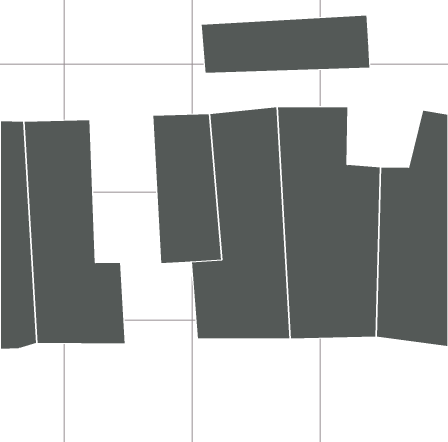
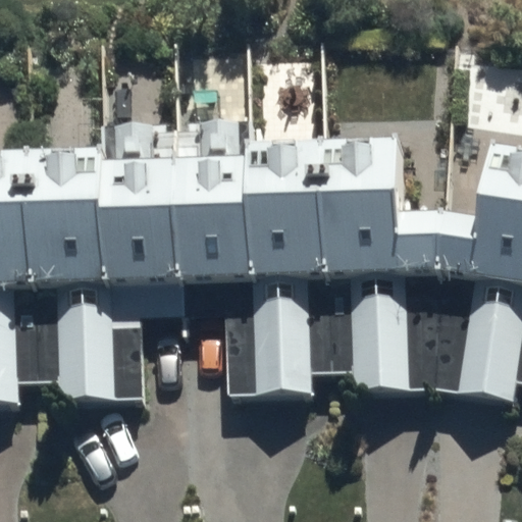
building: [201,15,370,73] -> none
building: none -> [105,135,187,307]

